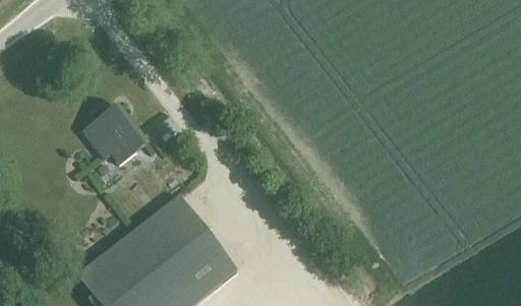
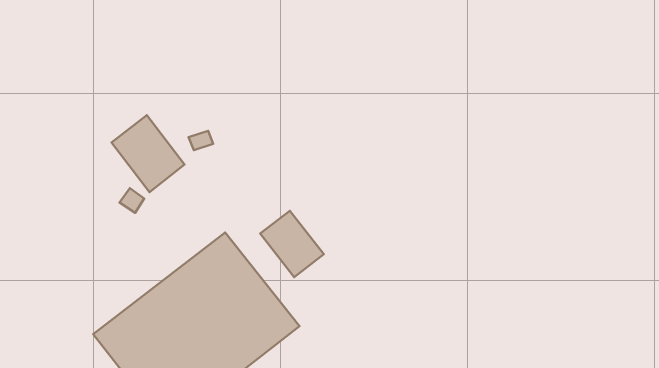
building: none -> [260,211,324,277]

